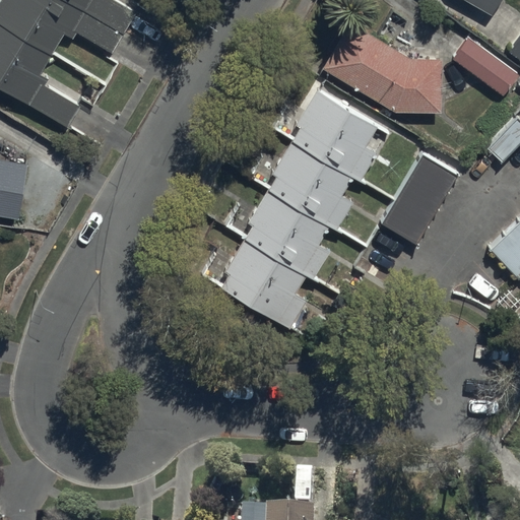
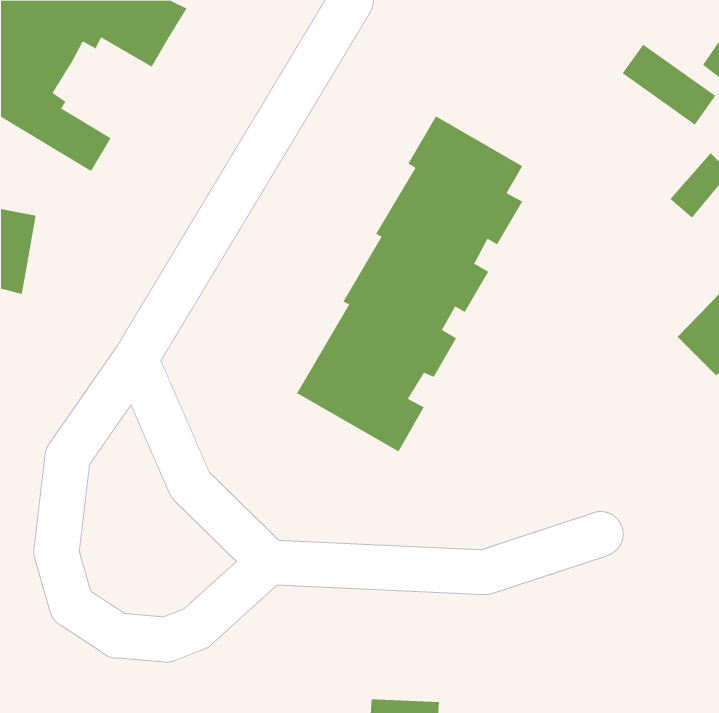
building: [322,18,439,111] -> none
building: [381,152,460,246] -> none

